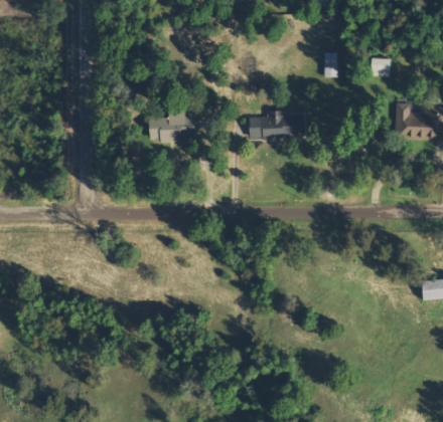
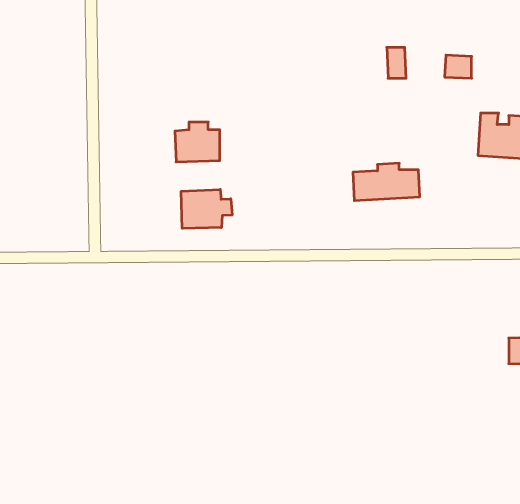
building: [249,111,301,140] -> [353,163,420,201]
building: none -> [181,189,232,228]

